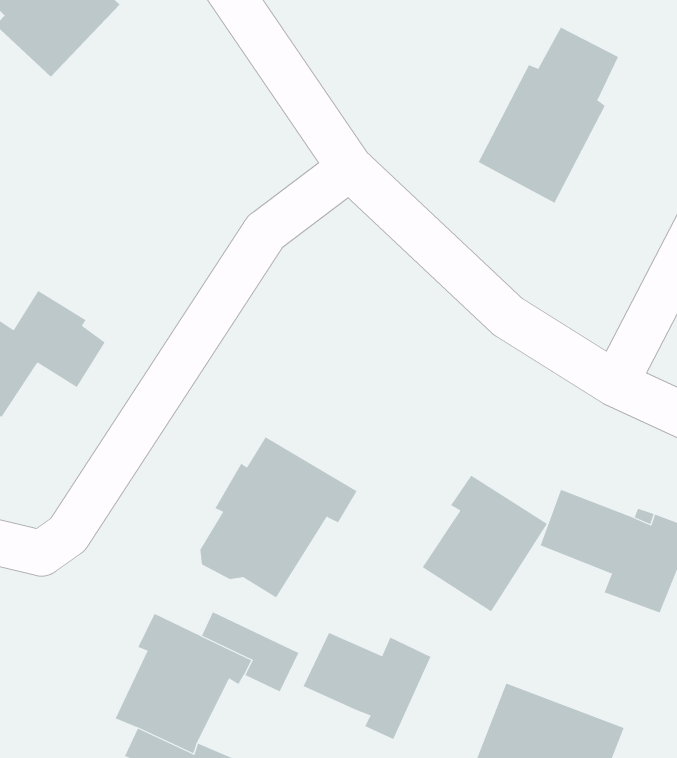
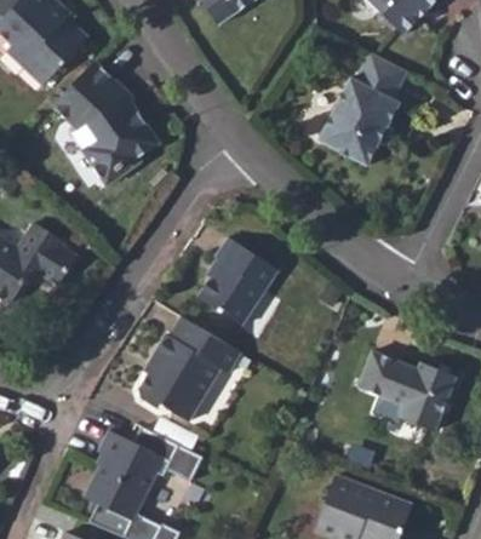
building: none -> [53,61,161,187]
building: [422,475,548,612] -> [197,237,279,326]
building: [303,632,431,740] -> none

